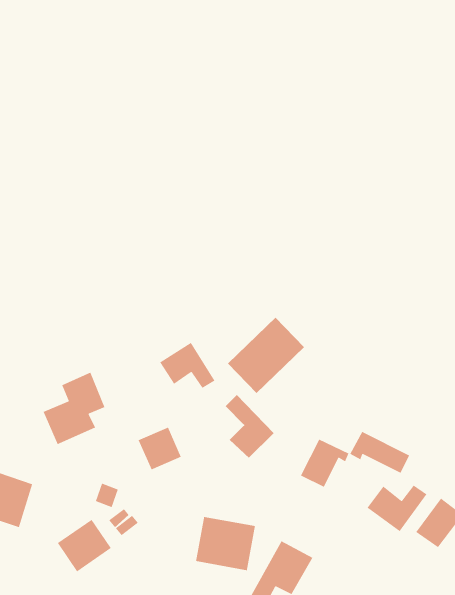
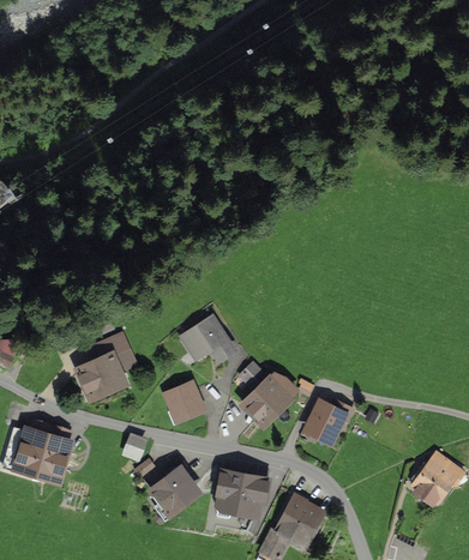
building: [227,317,305,394] -> none
building: [349,431,410,474] -> none
building: [367,484,427,532] -> none
building: [57,519,112,572] -> [148,474,197,522]

